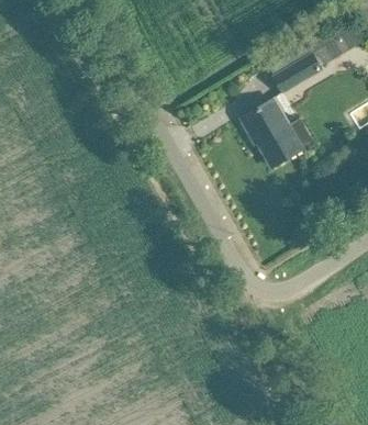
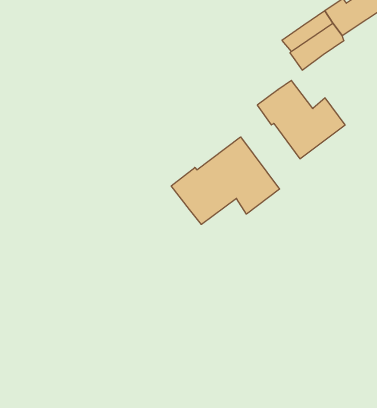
building: none -> [171,137,280,224]

